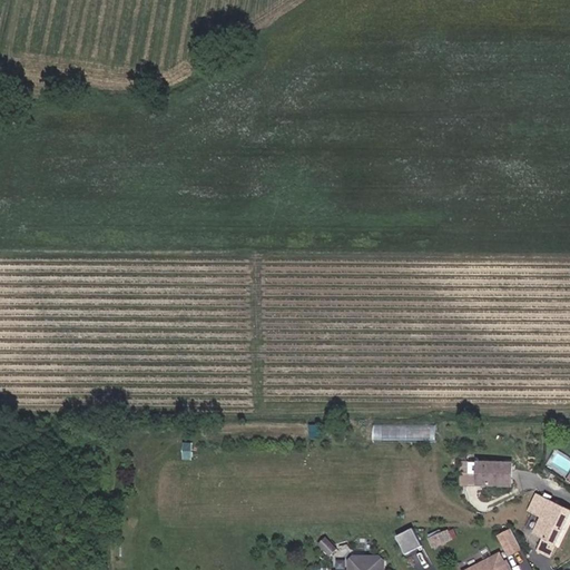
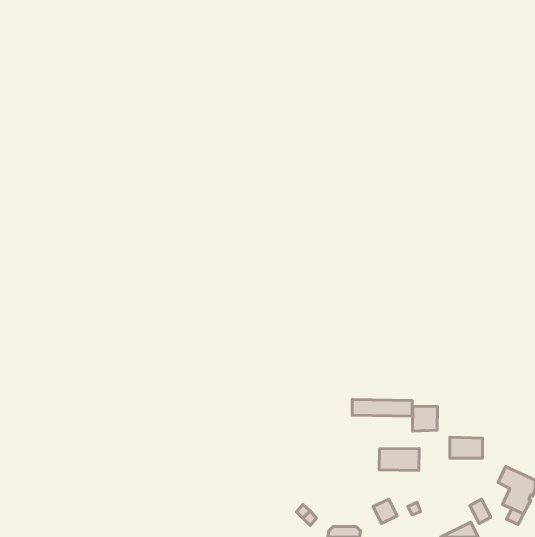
building: none -> [412,406,437,431]
building: none -> [379,448,419,471]

